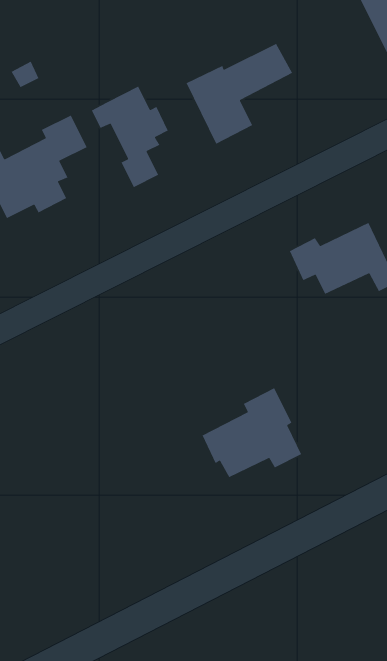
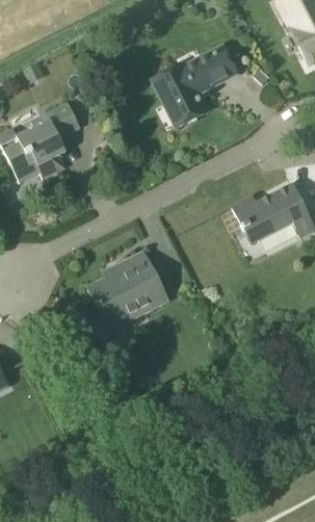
building: [91,86,169,188] -> none
building: [201,387,302,478] -> [87,251,163,319]

